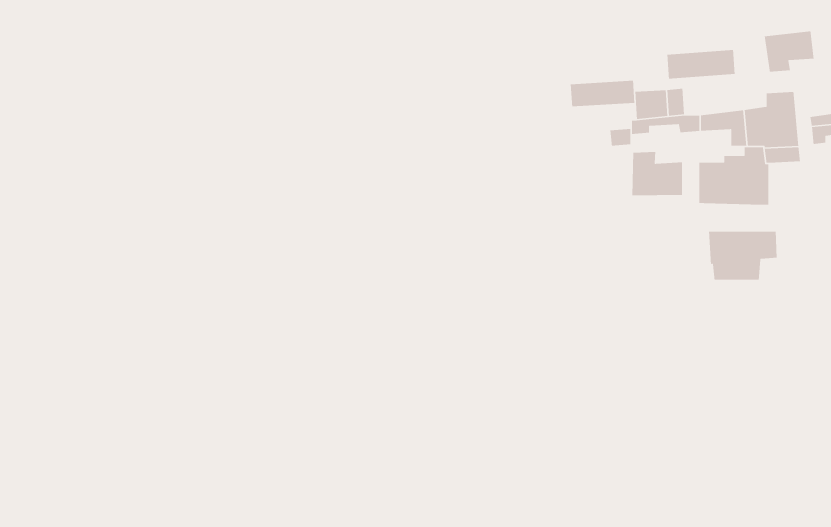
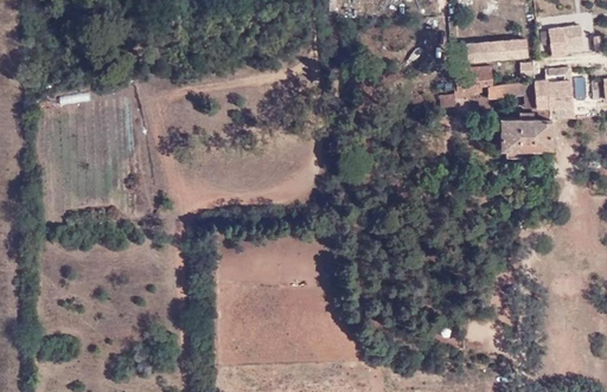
building: [570,80,635,107] -> none
building: [632,151,683,196] -> none
building: [708,231,778,281] -> none

